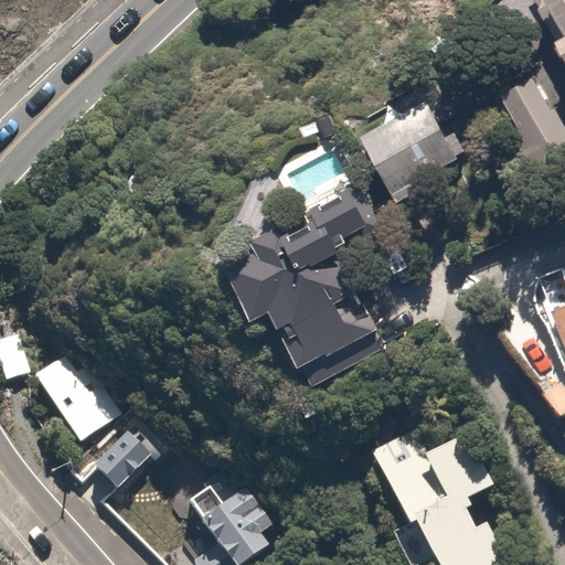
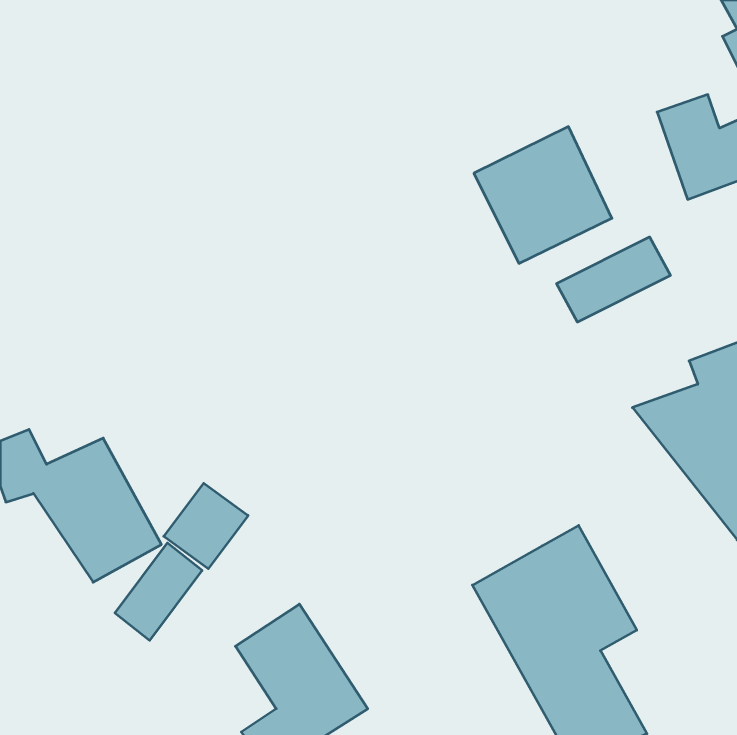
building: [222,179,409,387] -> none
building: none -> [557,237,670,322]
building: none -> [164,483,248,569]

